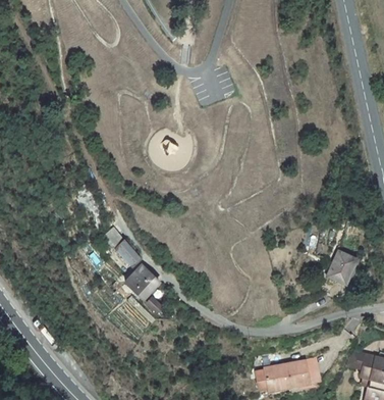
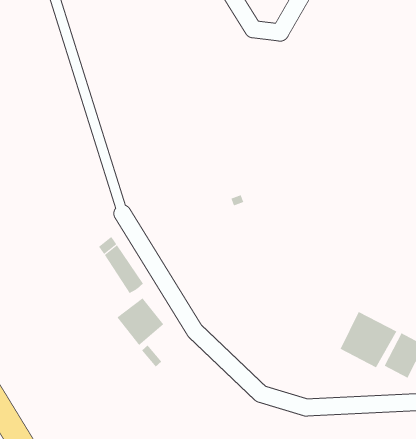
building: none -> [340,311,397,368]

